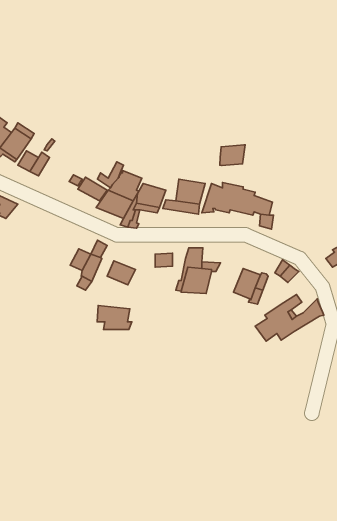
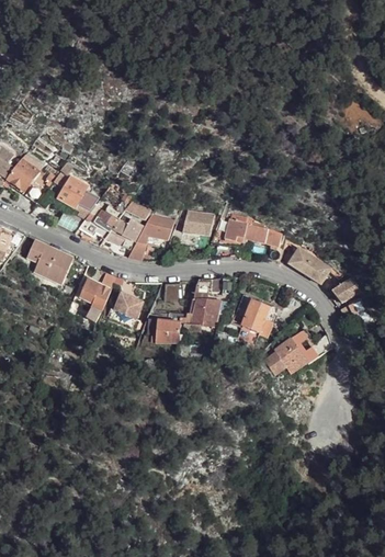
building: none -> [57,174,88,206]
building: [220,145,245,165] -> none
building: none -> [26,240,72,284]
building: none -> [291,249,332,285]
building: [97,306,132,330] -> [148,319,183,343]

